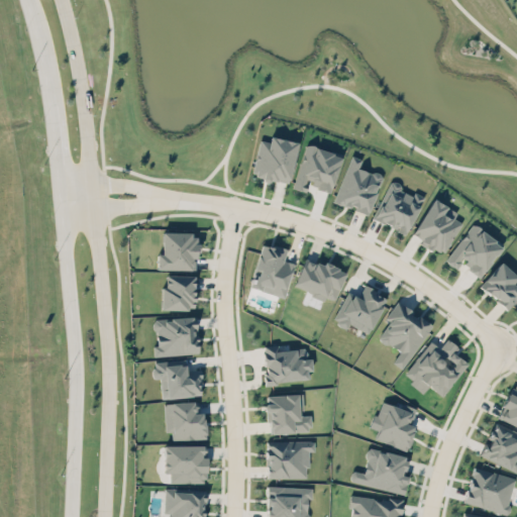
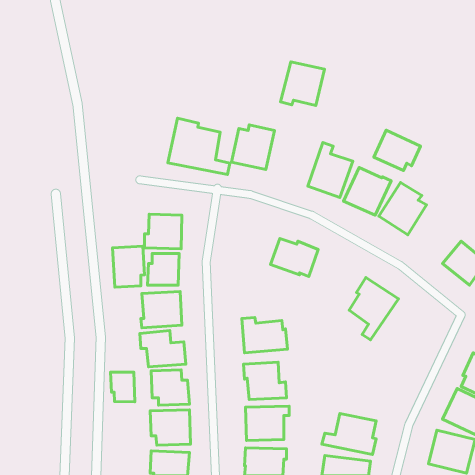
building: none -> [168,118,230,175]
building: none -> [374,130,420,170]
building: [295,145,342,193] -> [280,62,324,106]
building: [446,223,504,278] -> none
building: [250,243,296,298] -> none
building: none -> [113,246,144,287]
building: [334,287,387,335] -> none
building: [404,339,469,397] -> none
building: [373,401,420,449] -> none
building: none -> [111,372,135,402]

